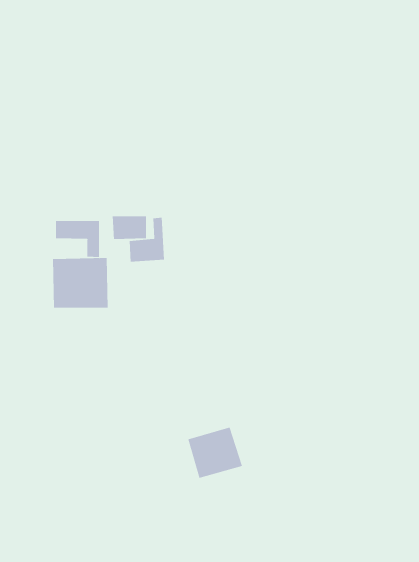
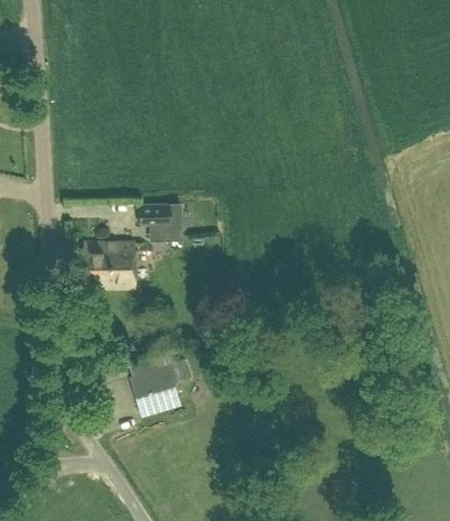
building: [56,220,100,258] -> none
building: [188,427,243,479] -> [129,365,179,412]

